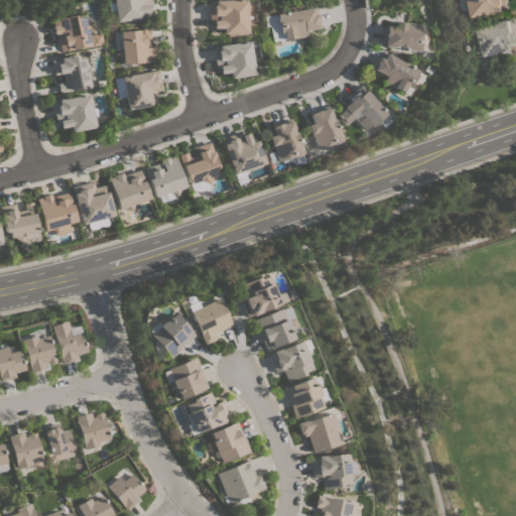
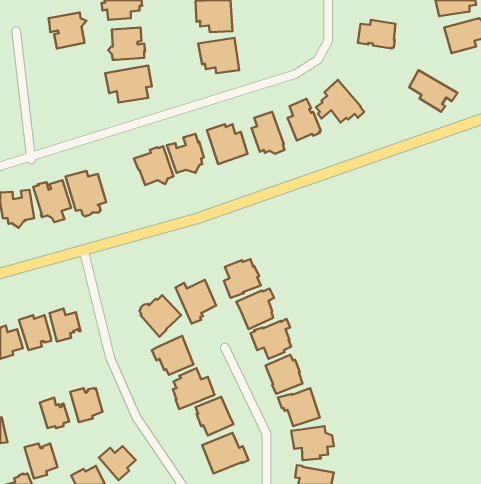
building: [267,7,325,42] -> none
building: [375,51,426,96] -> [409,70,457,112]
building: [54,55,96,94] -> none
building: [54,95,100,132] -> none
building: [111,170,153,212] -> none
building: [11,432,46,470] -> [24,443,58,479]

